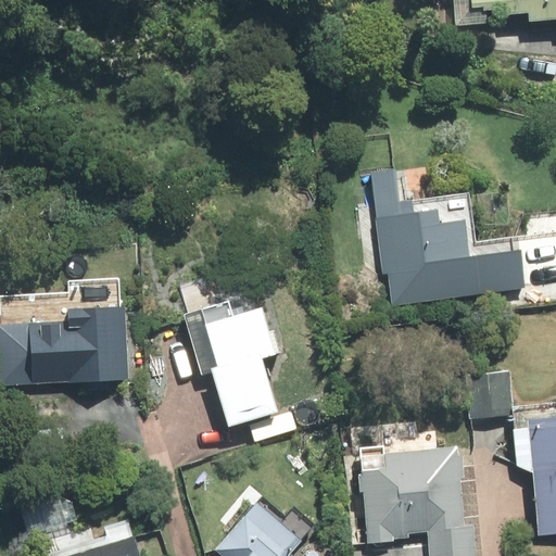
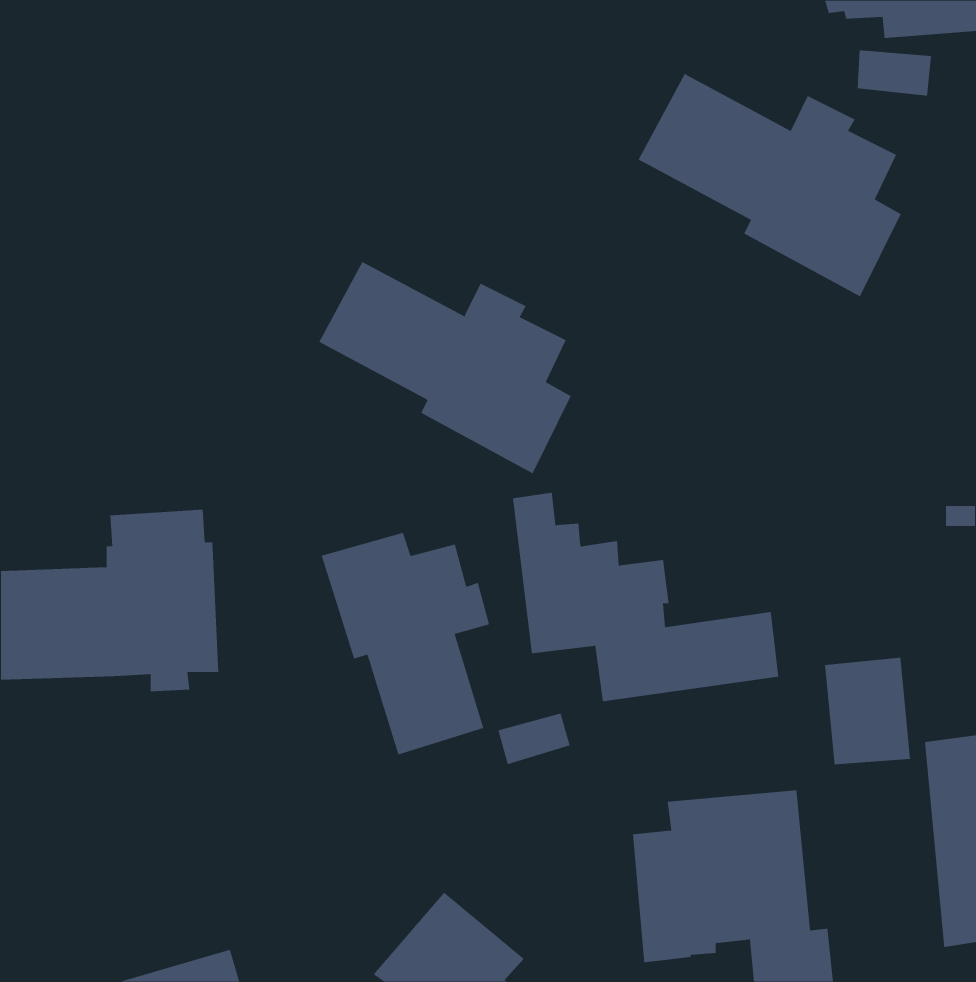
building: none -> [638,73,901,297]
building: none -> [318,261,572,474]
building: [372,182,523,301] -> [512,492,779,702]

